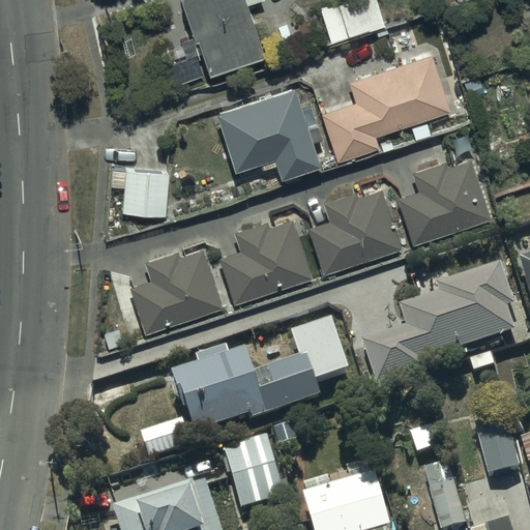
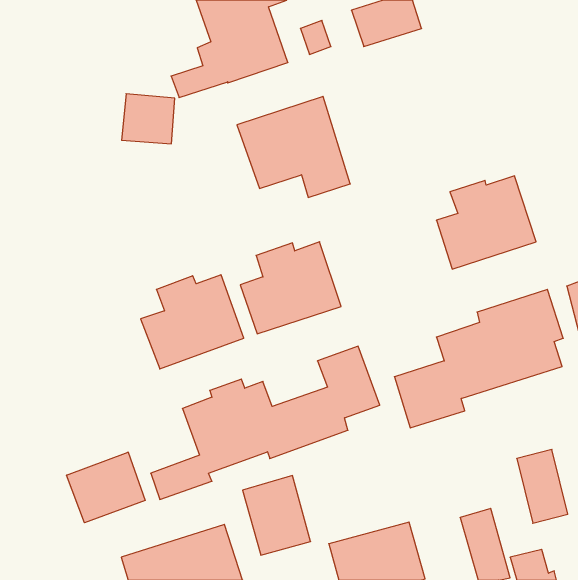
building: [323,55,452,163] -> none
building: [121,171,170,216] -> [122,94,175,144]
building: [308,189,401,273] -> none
building: none -> [67,452,145,523]

